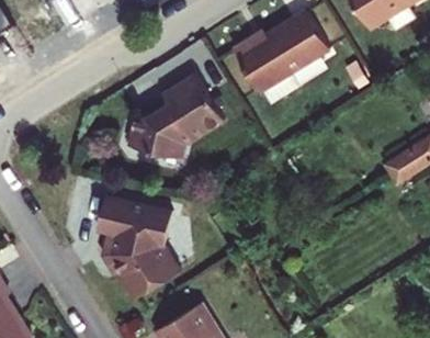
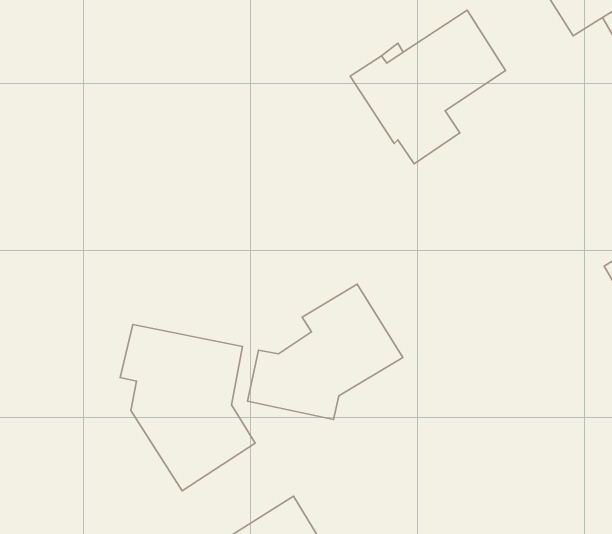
building: [131,77,224,158] -> [247,284,403,420]

